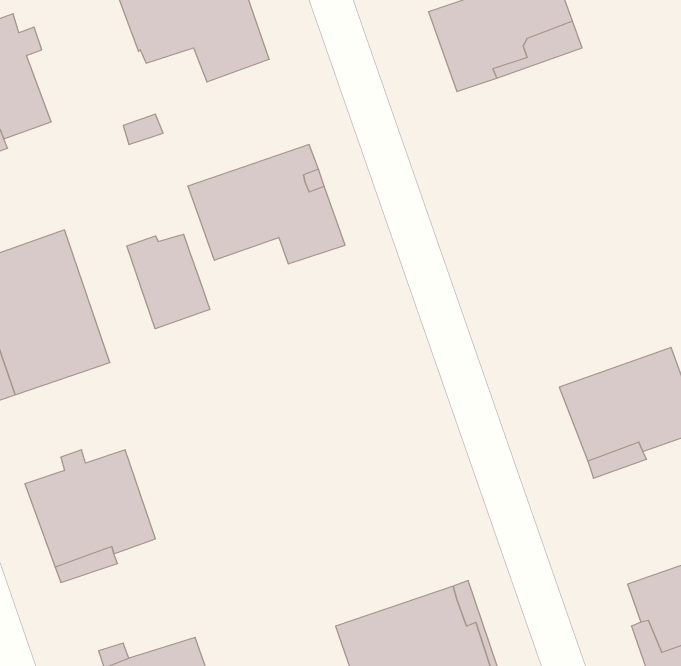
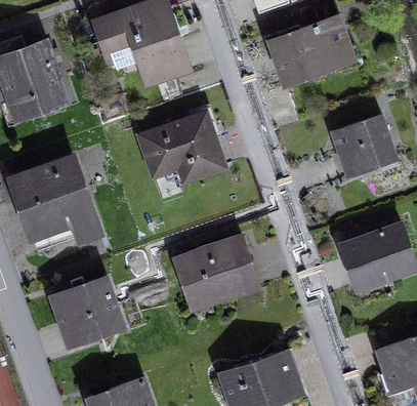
building: none -> [332,115,399,174]
building: [127,234,210,329] -> none
building: none -> [173,240,259,304]

